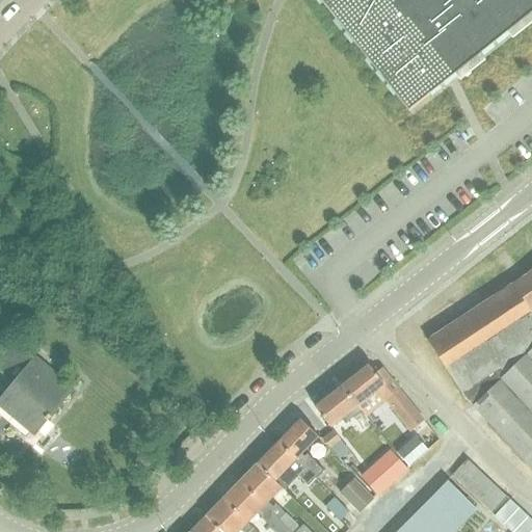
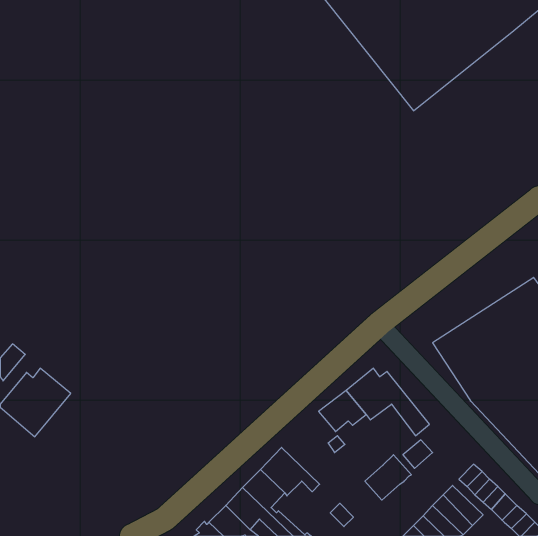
building: [278,418,323,477] -> none
building: [341,477,374,510] -> none

